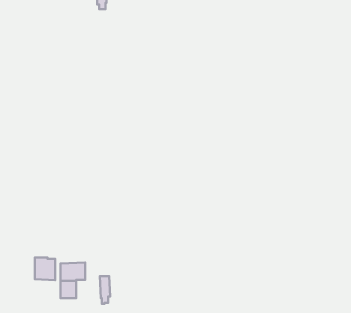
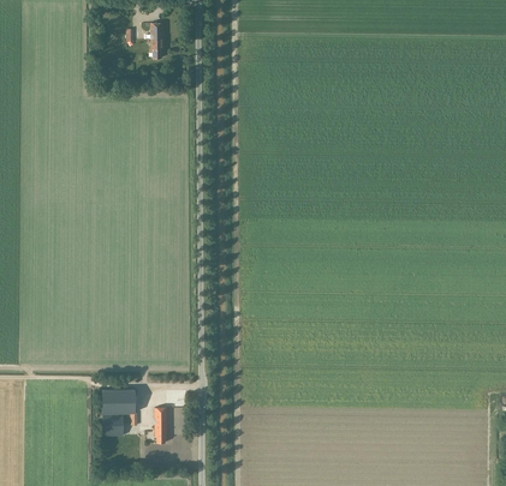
building: [35,258,55,280] -> none

